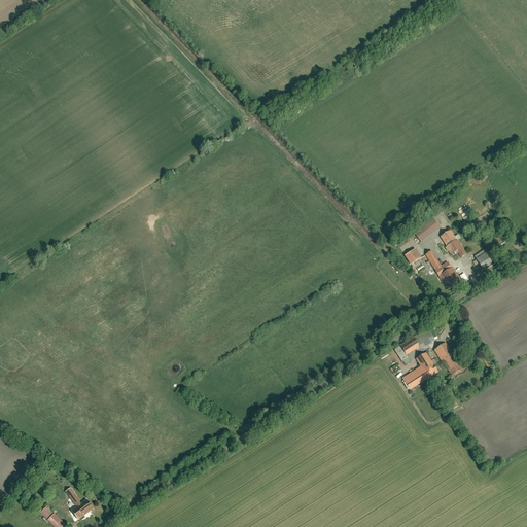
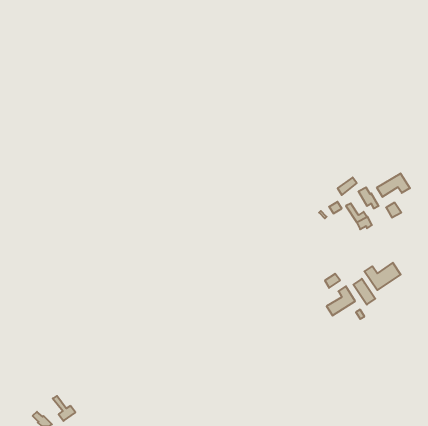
building: none -> [377,173,410,197]
building: none -> [364,263,401,290]

